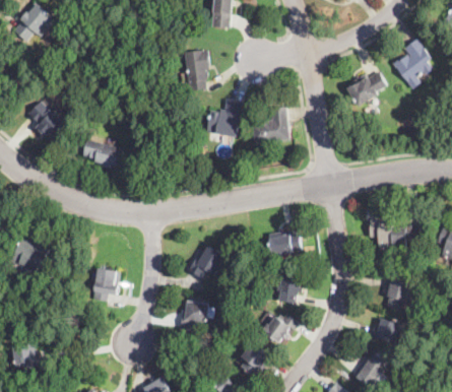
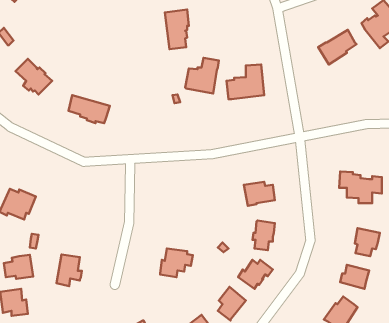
building: [187,246,224,277] -> none
building: [91,268,118,302] -> [57,254,82,286]
building: none -> [4,255,33,279]

